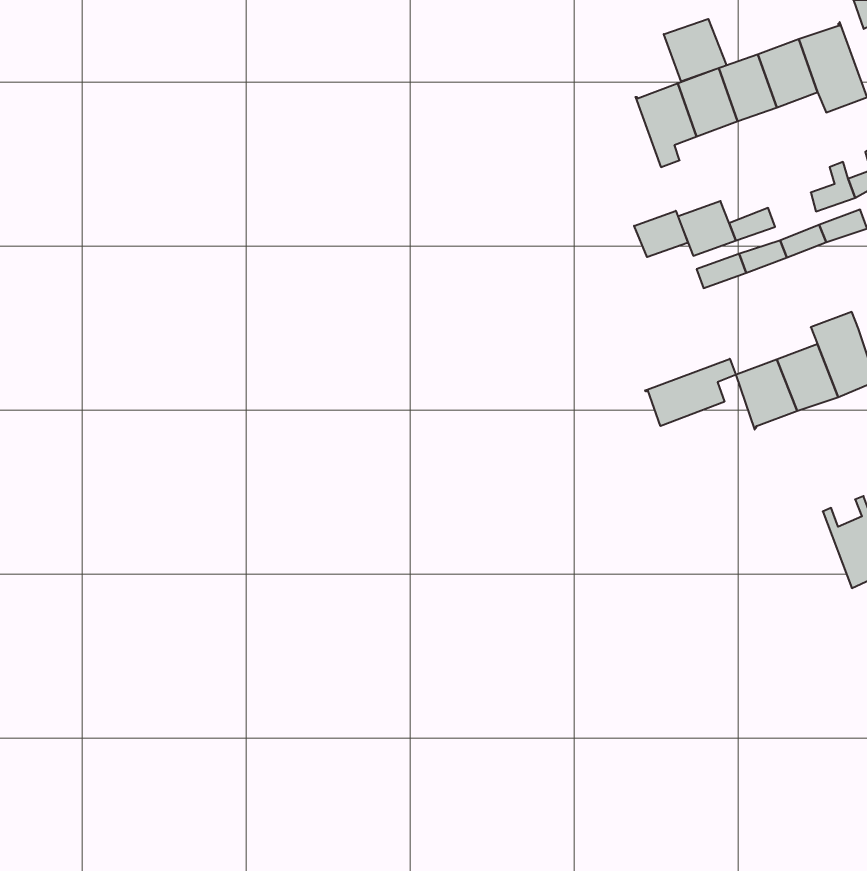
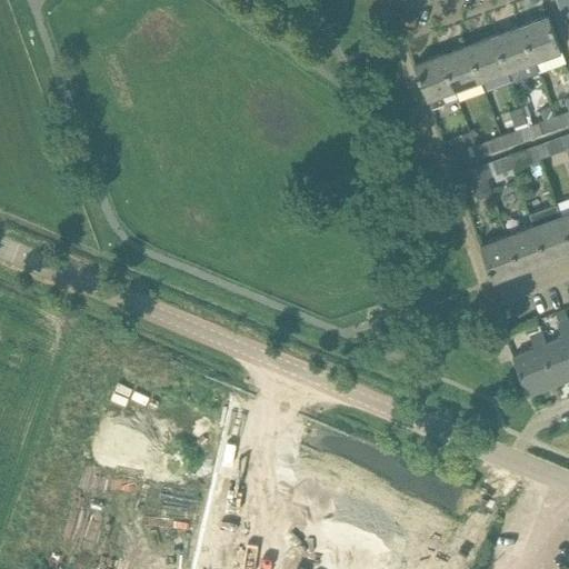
building: [664,19,727,82] -> none
building: none -> [503,107,535,148]
building: [634,211,688,257] -> none
building: [645,359,736,426] -> none
building: none -> [515,333,558,396]

